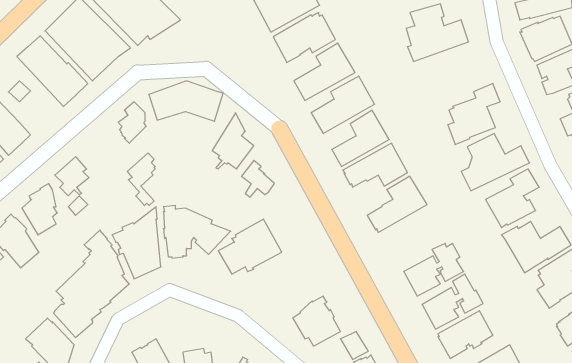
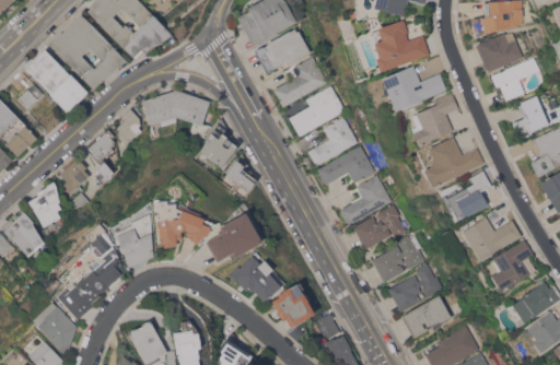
building: none -> [382,67,446,113]
building: [127,153,155,206] -> [90,131,115,178]
building: none -> [353,205,407,250]
building: none -> [229,257,281,303]

